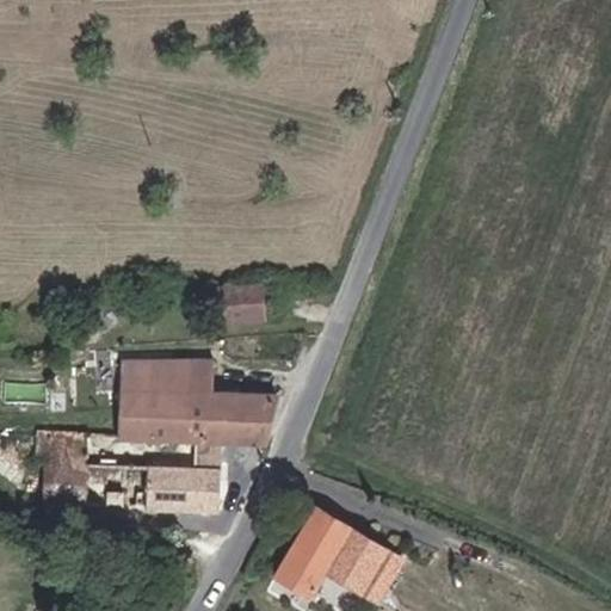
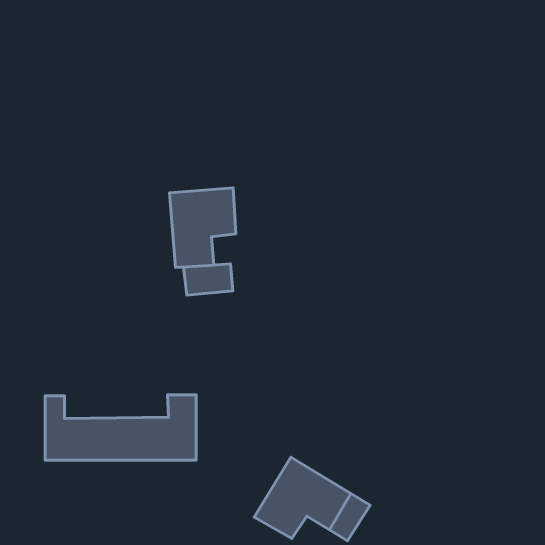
building: none -> [170,188,236,268]
building: [110,364,266,439] -> none

